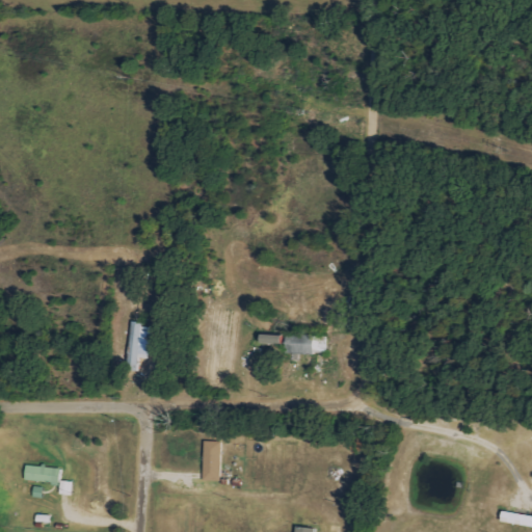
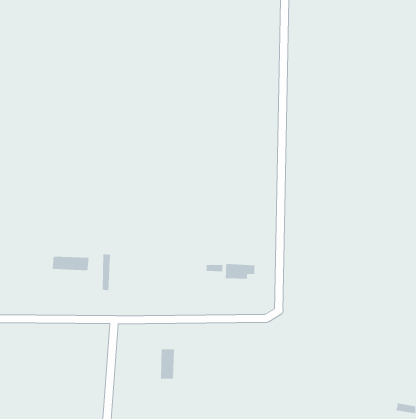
building: none -> [52,256,89,271]
building: [24,463,61,484] -> none

